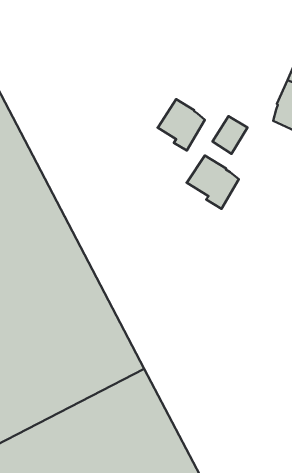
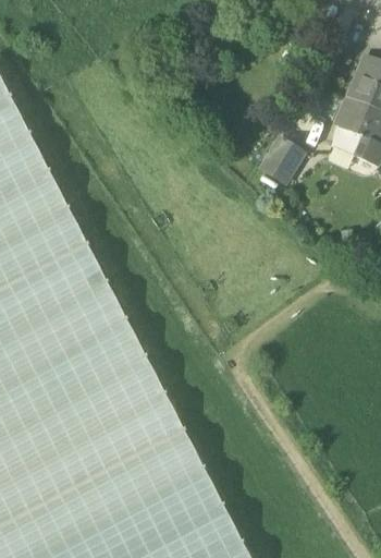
building: [158,99,205,151] -> none
building: [187,155,239,209] -> none

